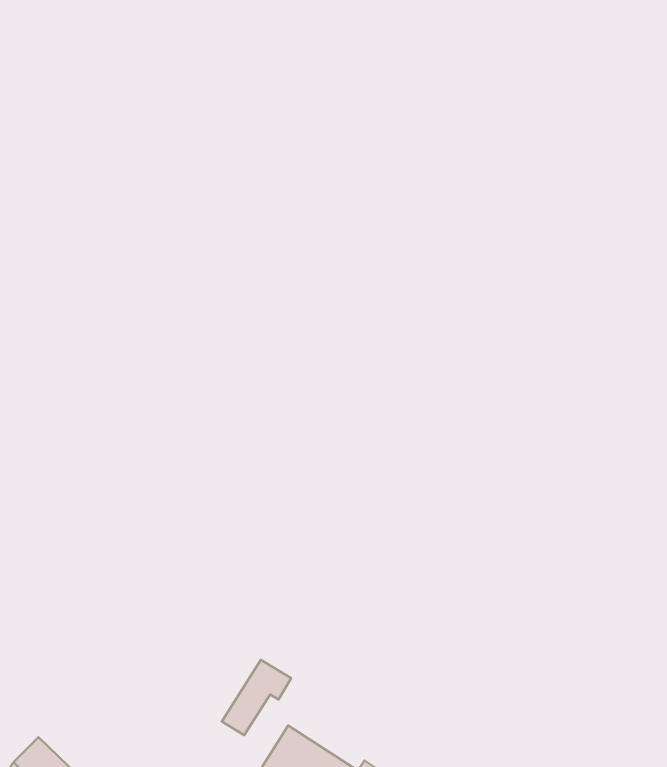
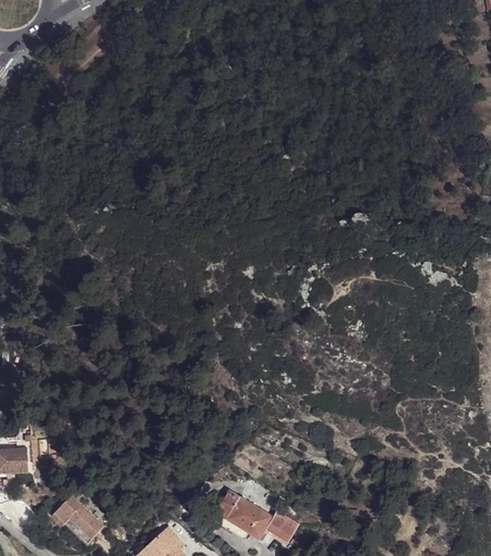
building: [222,660,291,735] -> none

